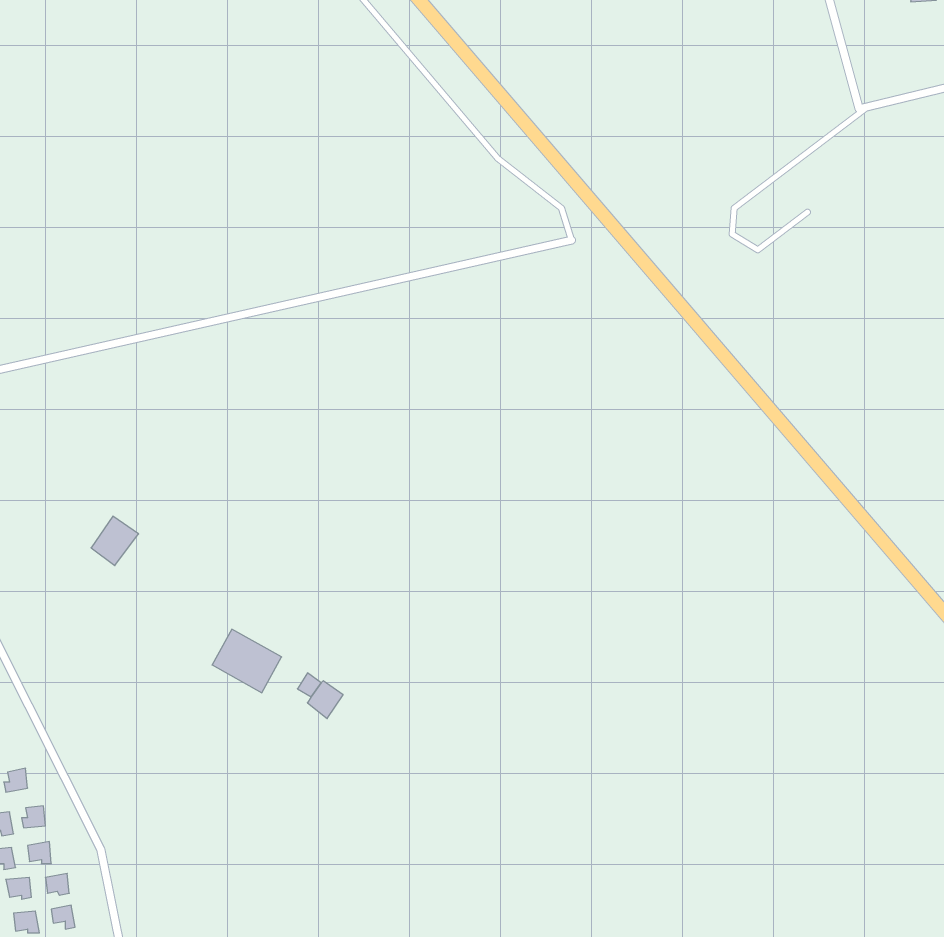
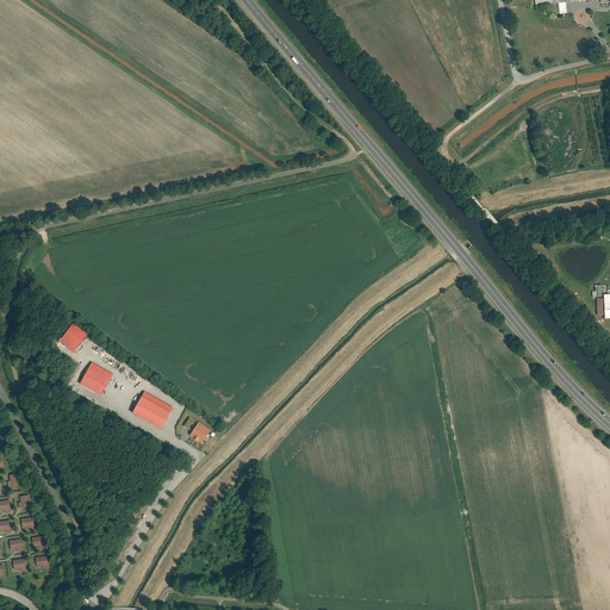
building: none -> [79,361,112,394]

